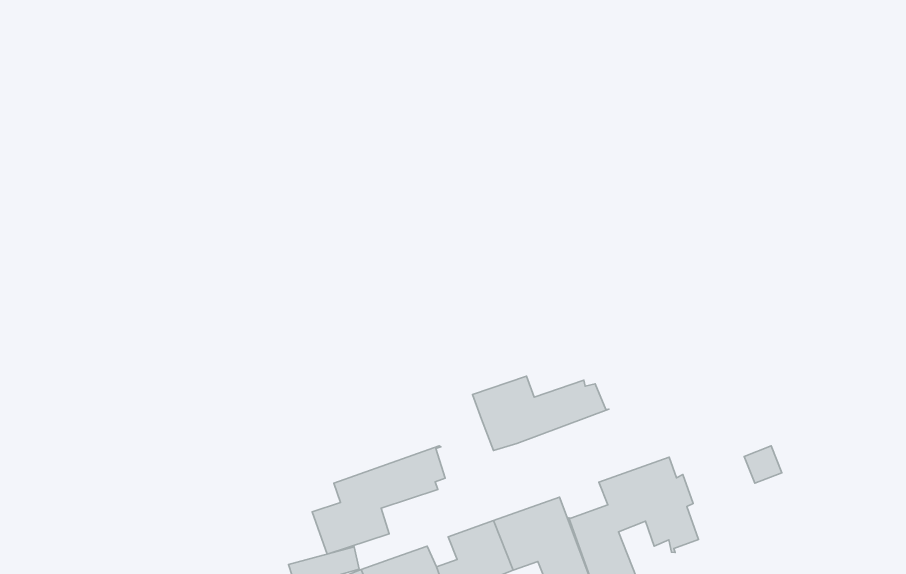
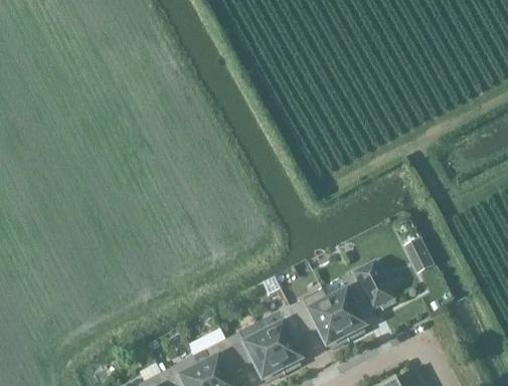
building: [472,376,609,451] -> none
building: [312,446,445,554] -> none

